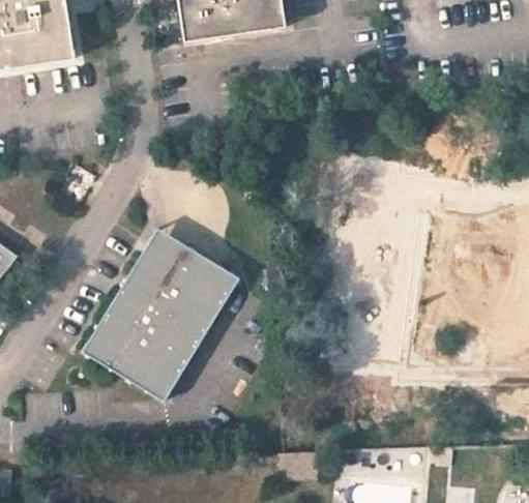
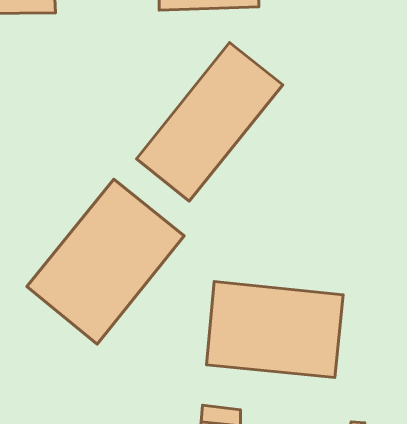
building: none -> [136,43,283,201]
building: none -> [207,282,343,377]

